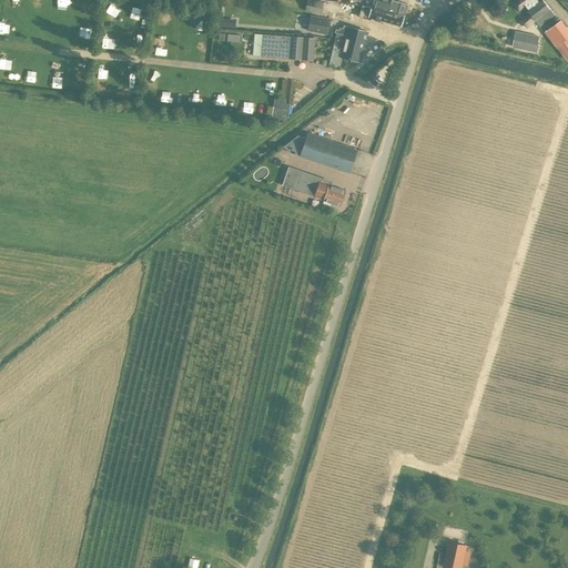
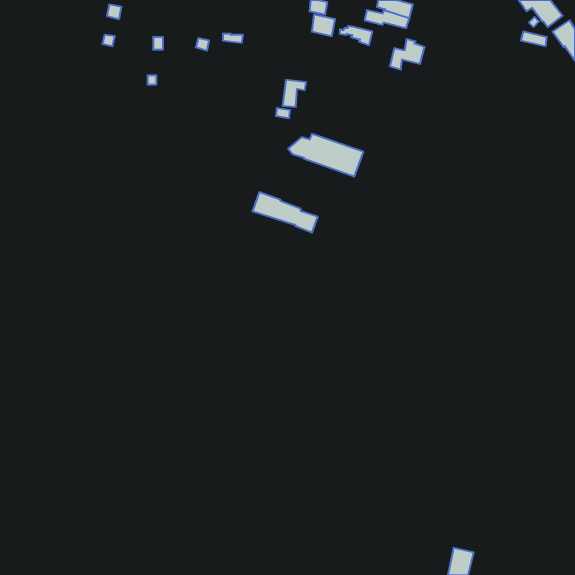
building: [262,34,315,61] -> none
building: [329,37,364,67] -> [390,39,425,70]
building: [282,166,346,206] -> [252,192,318,233]

